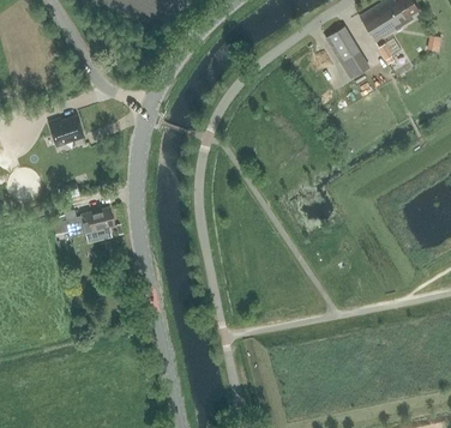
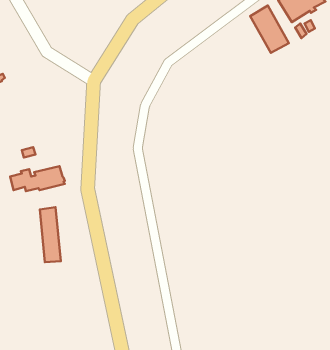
building: [49,116,83,144] -> none
building: none -> [40,207,61,262]

